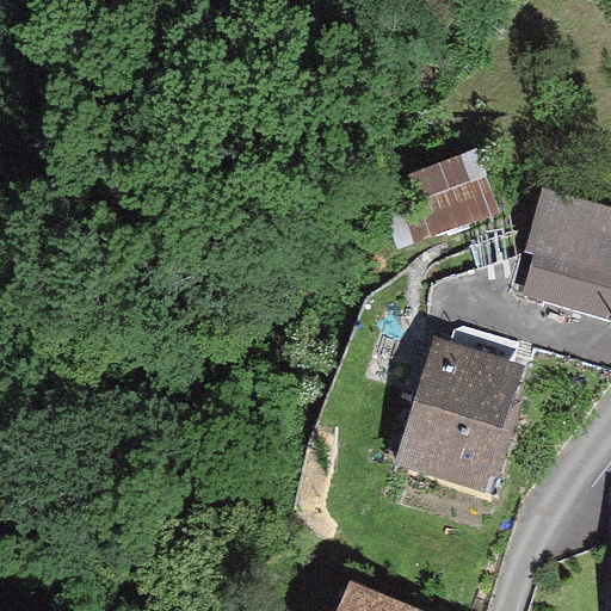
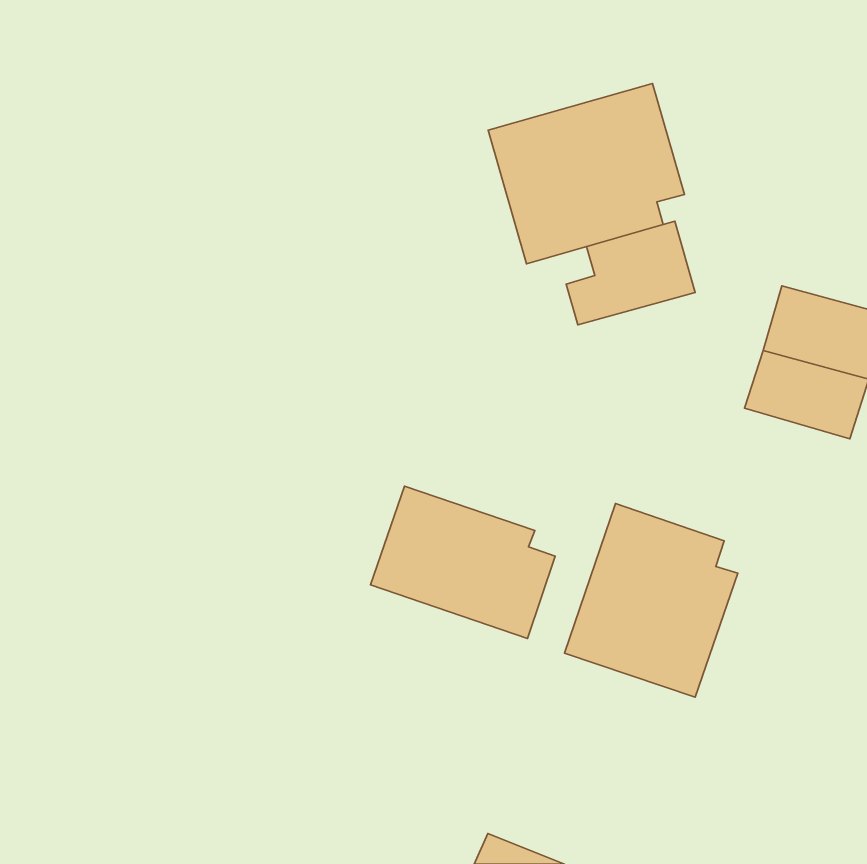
building: none -> [488,83,684,264]
building: none -> [371,486,555,639]

